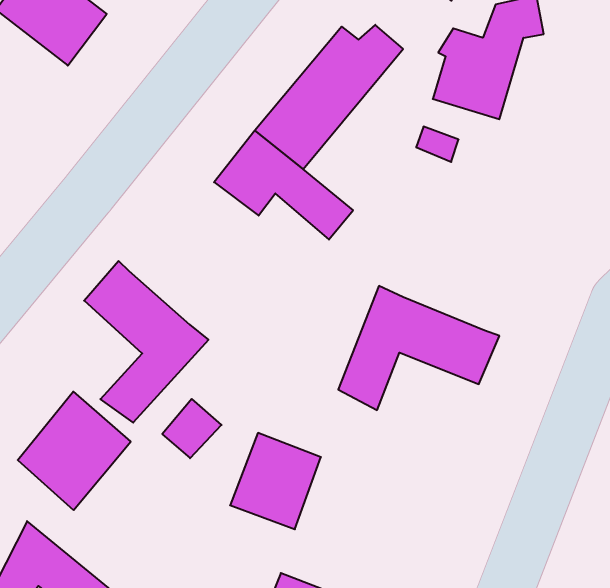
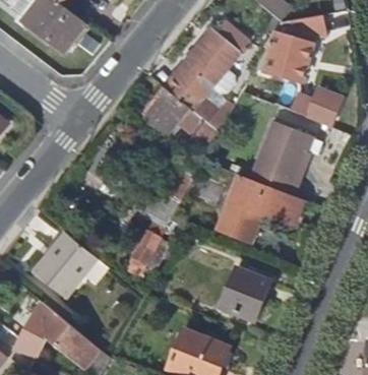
building: none -> [291,81,346,123]
building: none -> [249,121,313,197]
building: [84,261,208,423] -> none
building: [230,433,321,529] -> [221,268,270,321]

